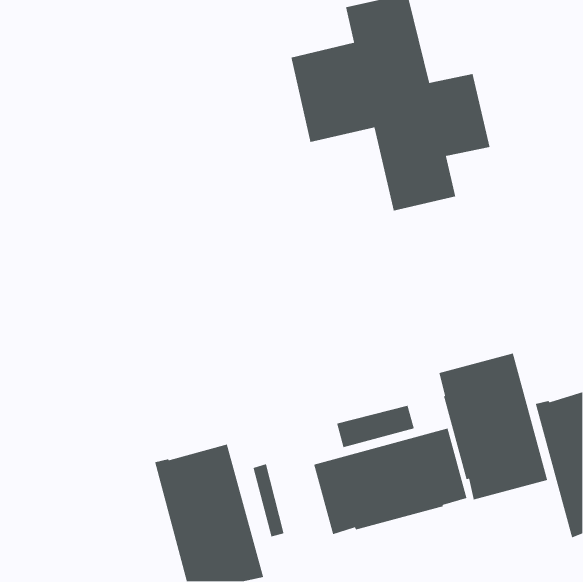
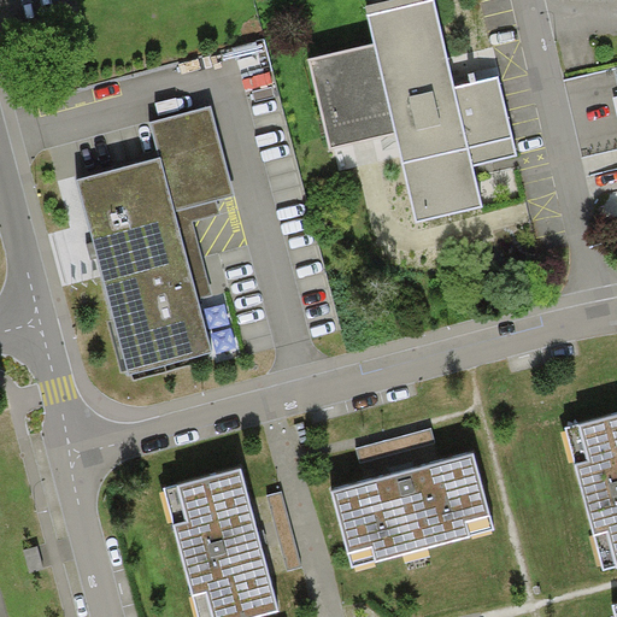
building: none -> [76,106,234,375]
building: [438,352,548,501] -> none

